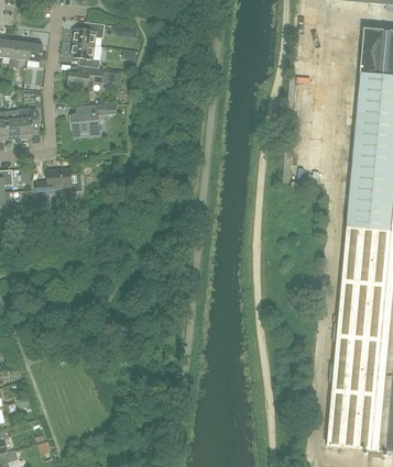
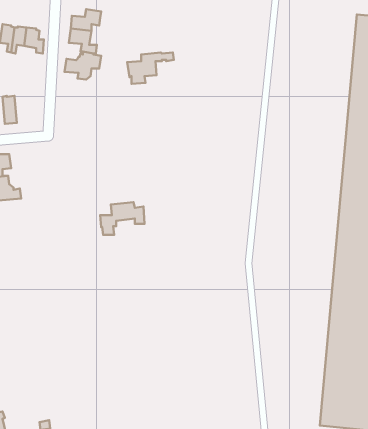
building: [69,103,117,135] -> [127,52,174,84]
building: [17,108,39,136] -> none
building: [36,167,81,200] -> [100,202,144,235]

